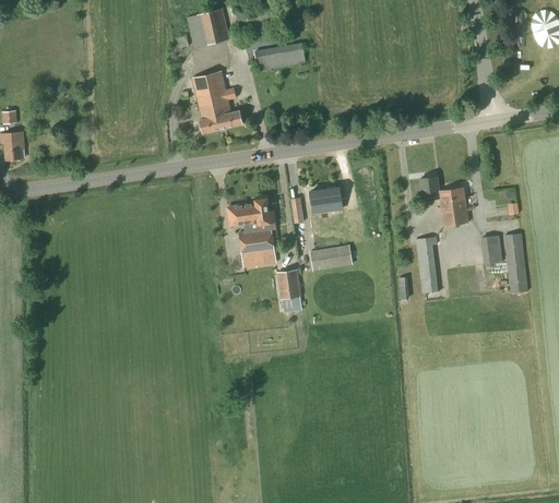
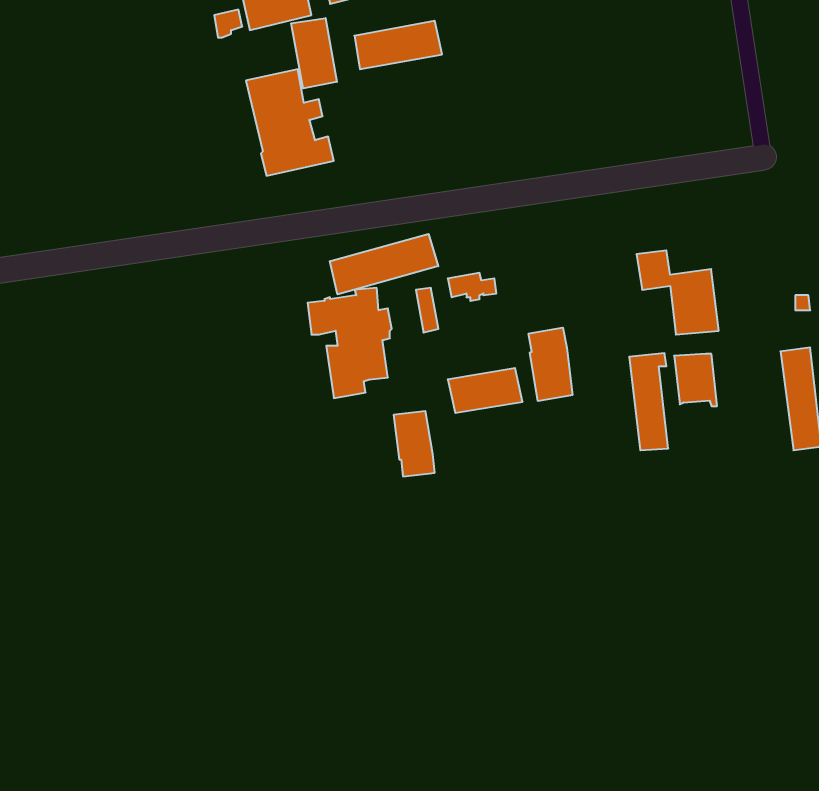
building: none -> [291,18,337,88]
building: none -> [330,234,438,294]
building: none -> [529,328,572,401]
building: [480,235,506,265] -> [674,354,717,406]

